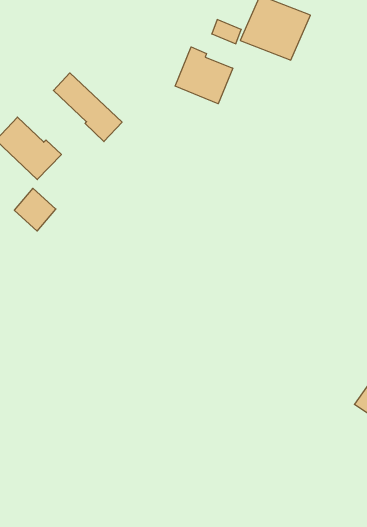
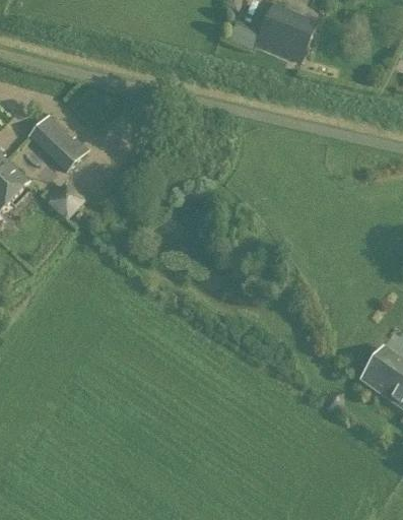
building: [175,47,233,104] -> none
building: [53,73,122,142] -> none

